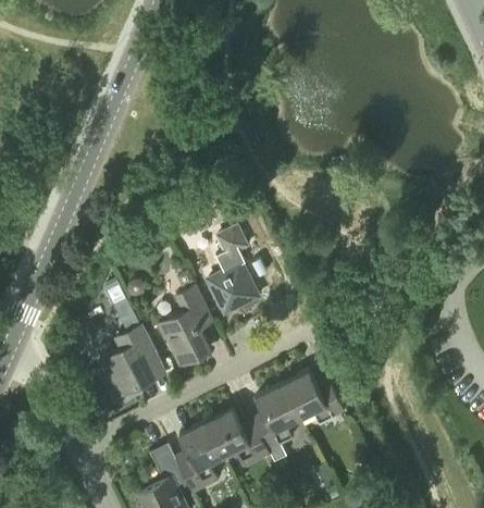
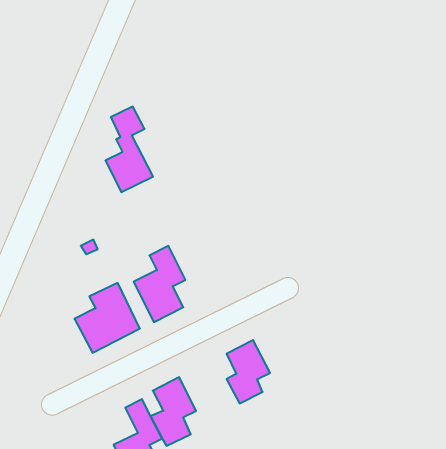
building: [209,225,258,313] -> [105,107,153,192]
building: [283,371,345,424] -> none
building: [207,409,271,467] -> none

